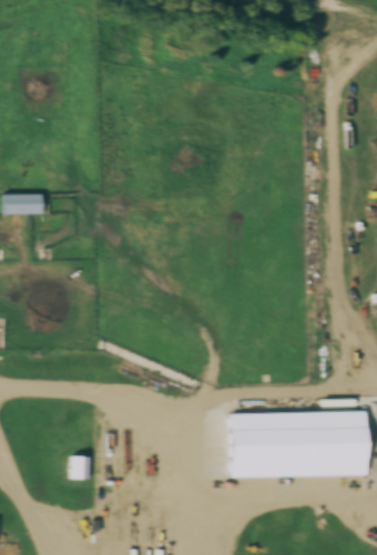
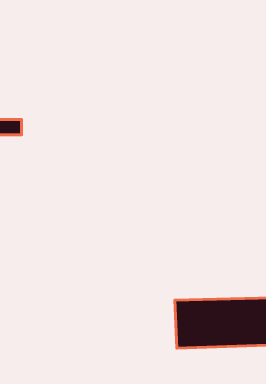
building: [70,452,90,476] -> none

